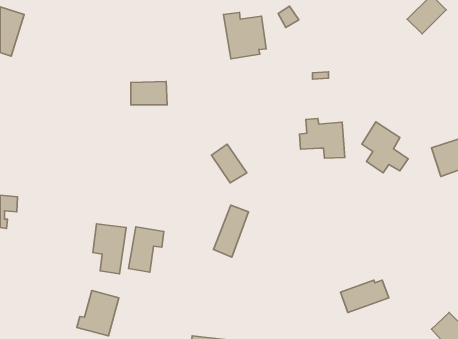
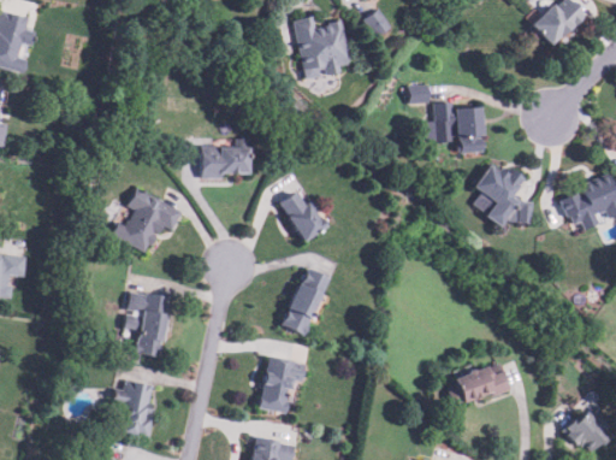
building: [131,82,167,105] -> [202,145,249,175]
building: [299,118,345,158] -> [427,101,486,153]
building: none -> [116,188,182,252]
building: [128,227,164,272] -> [259,354,304,413]

